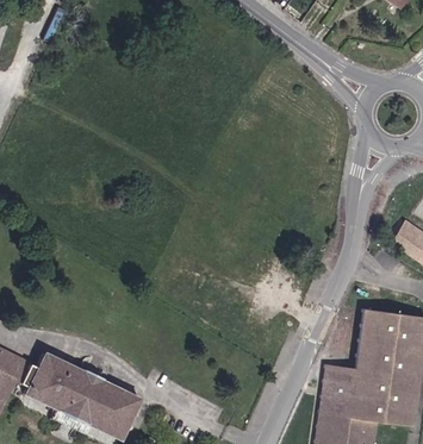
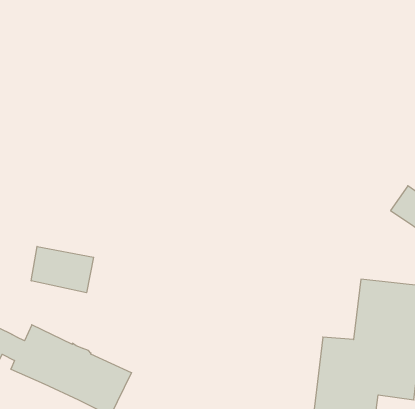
building: none -> [31,246,94,293]

